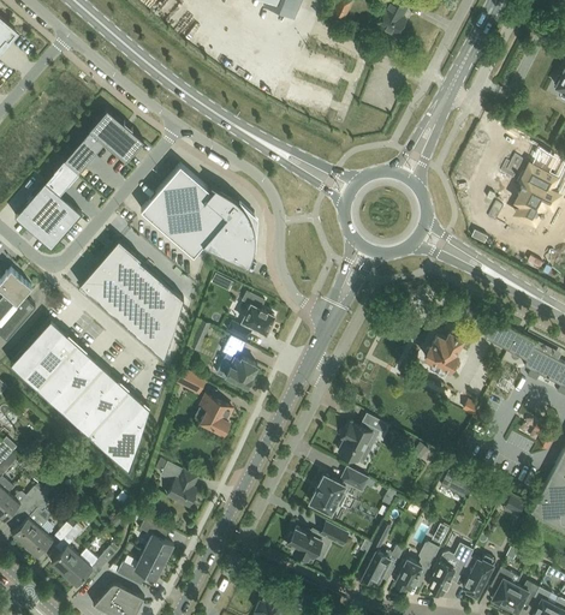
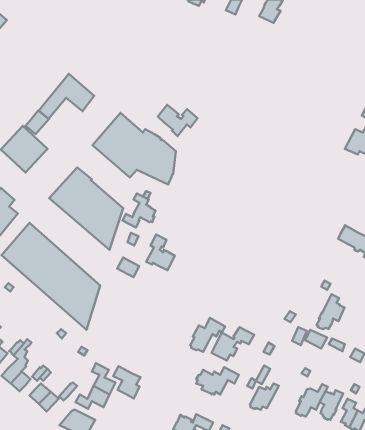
building: none -> [158,105,198,136]
building: [226,294,273,342] -> [122,193,156,227]
building: [423,334,462,376] -> none
building: [194,398,231,434] -> none
building: [338,414,387,462] -> [190,318,225,352]
building: none -> [316,294,344,329]
building: [159,462,197,508] -> [113,366,141,398]
building: [393,543,438,591] -> none

